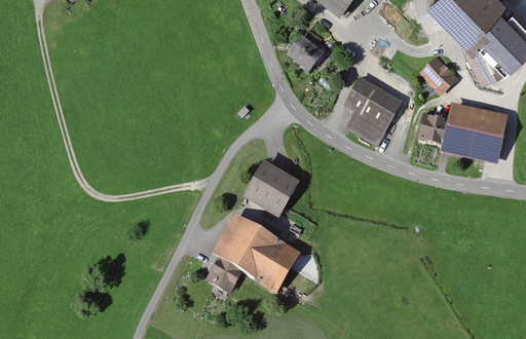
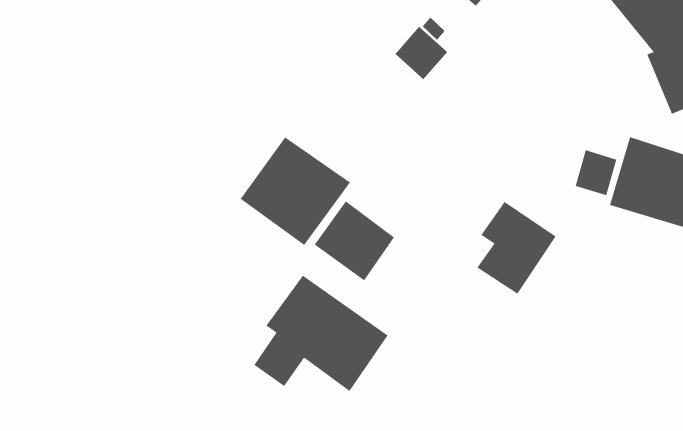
building: [419,56,459,97] -> none
building: [347,79,401,143] -> [477,201,557,295]
building: none -> [240,137,351,246]

